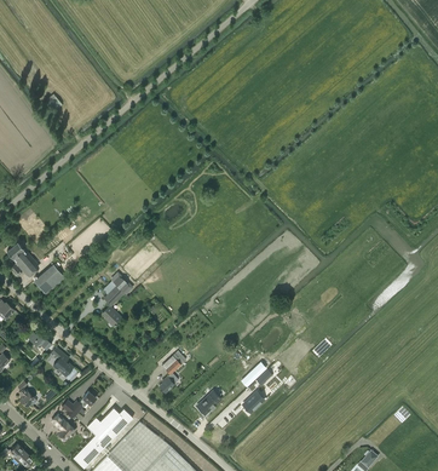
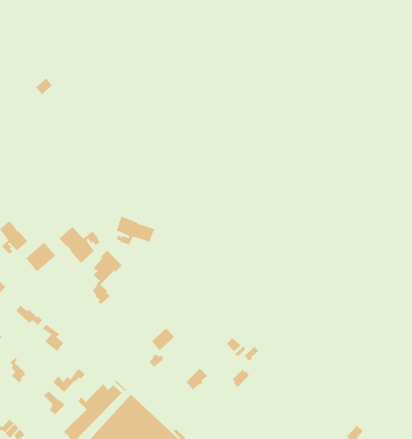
building: none -> [116,216,155,246]
building: none -> [59,226,101,264]

